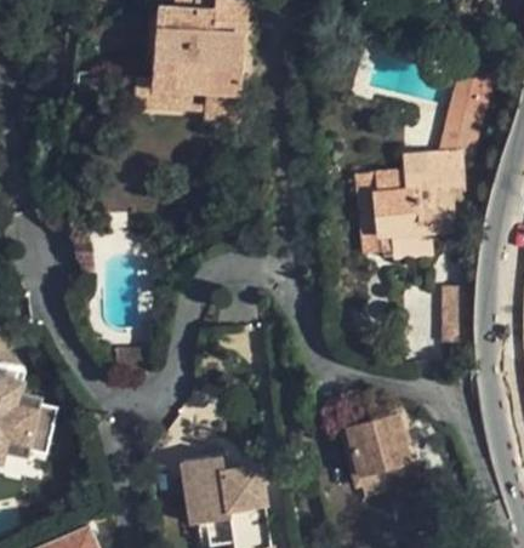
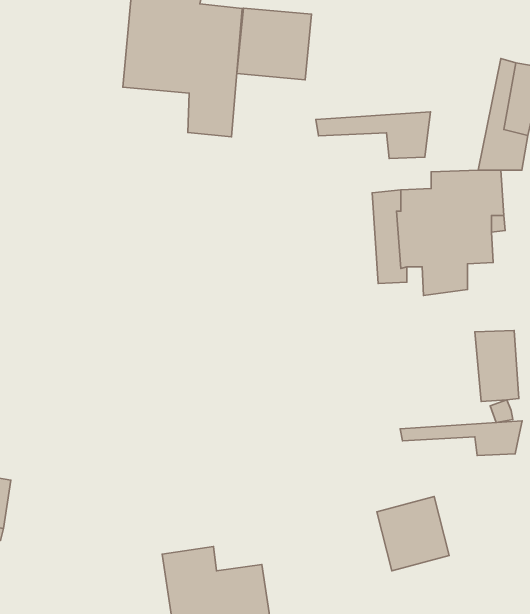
building: none -> [237,8,311,80]
building: none -> [316,112,431,159]
building: none -> [400,421,522,456]

